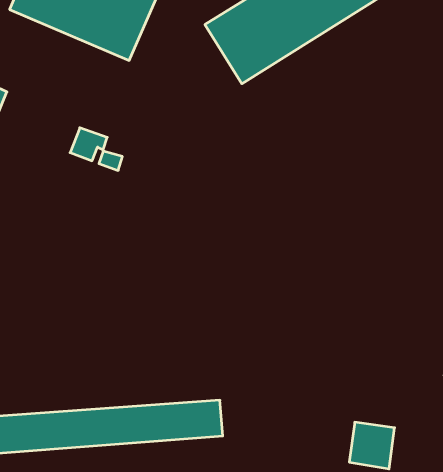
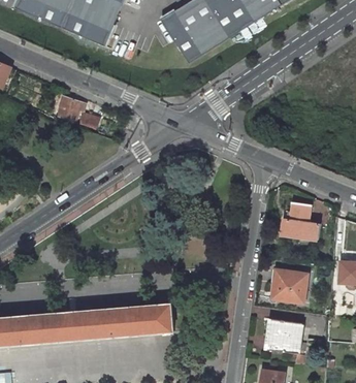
building: none -> [281,201,326,243]
building: none -> [272,270,306,301]

